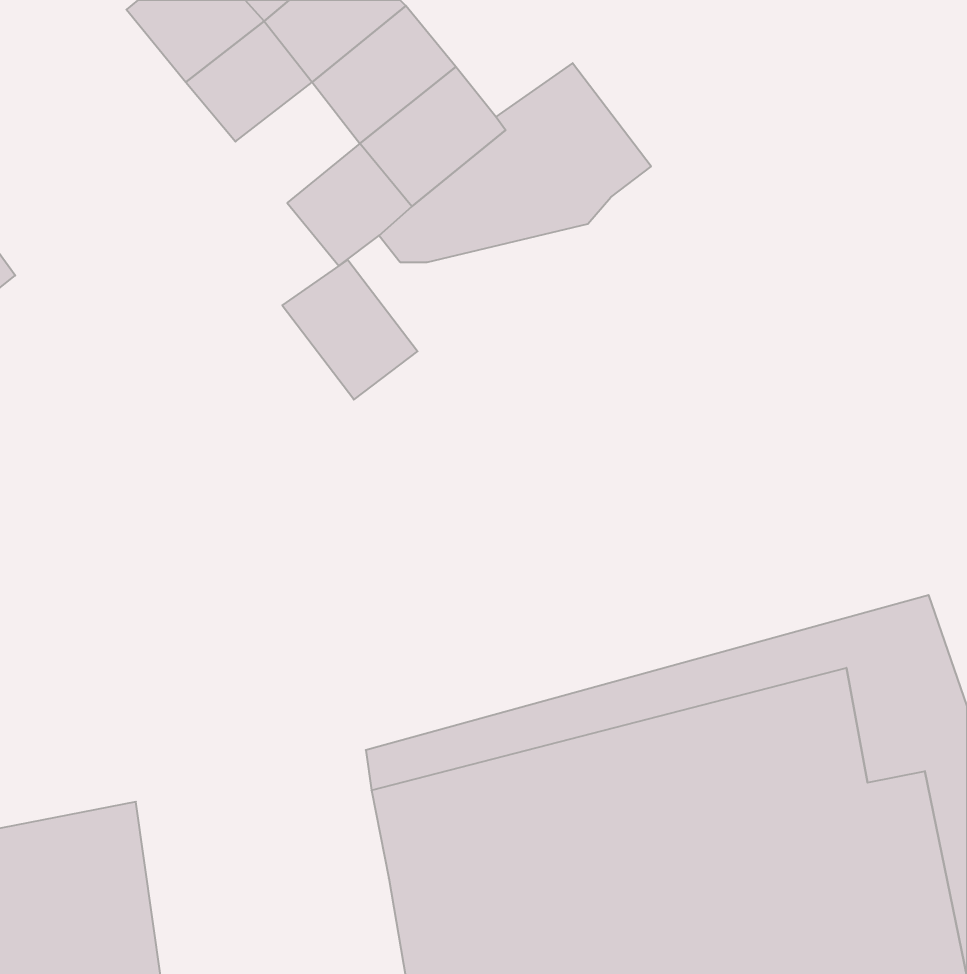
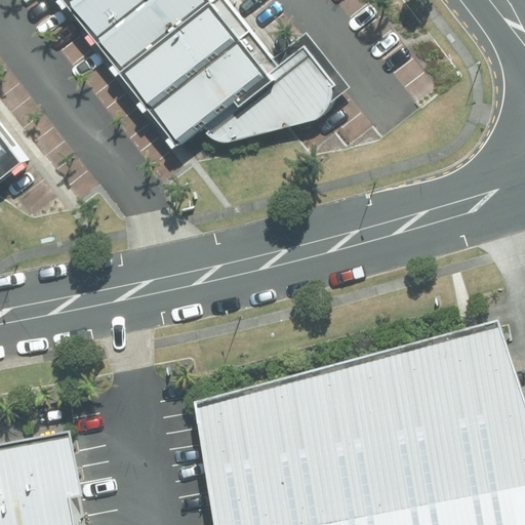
building: none -> [126,46,193,111]
building: [282,260,418,400] -> none

